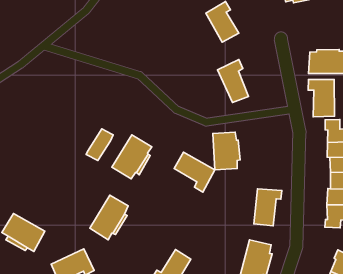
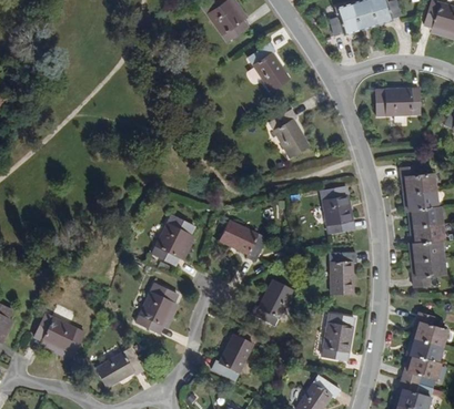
building: [308,79,334,117] -> none
building: [86,129,113,161] -> none
building: [213,132,240,170] -> [315,188,350,234]
building: none -> [254,279,299,326]

